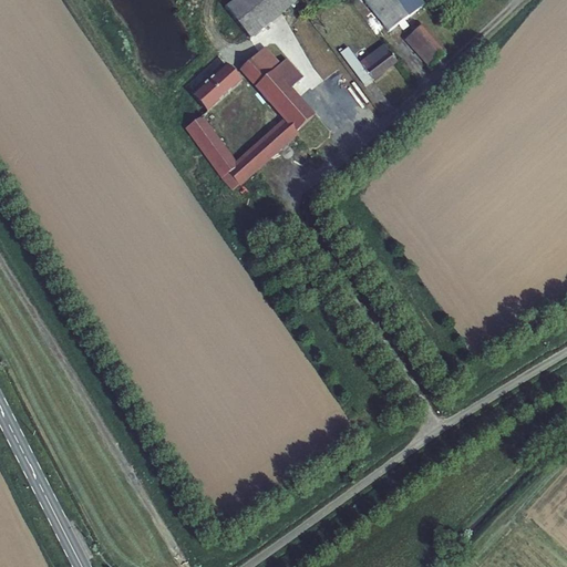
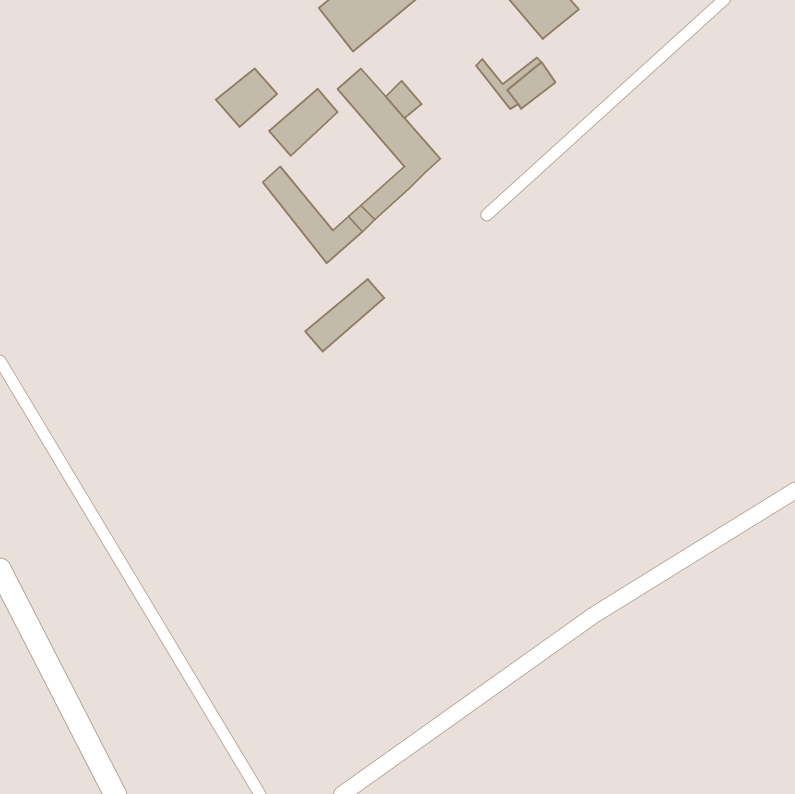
building: [406,23,445,63] -> none
building: none -> [216,69,277,127]
building: none -> [305,279,384,352]

